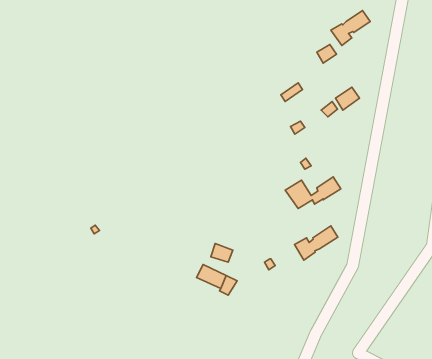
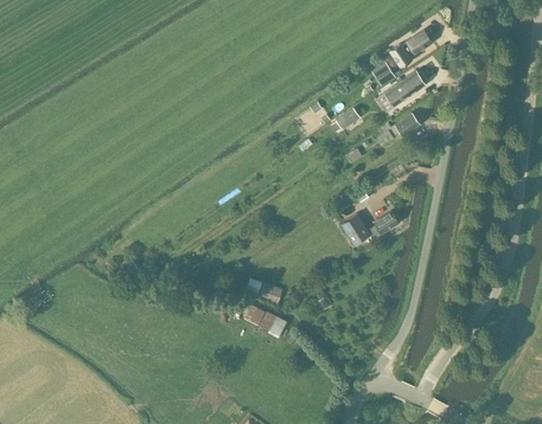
building: none -> [378,71,427,107]
building: [294,226,338,260] -> none

